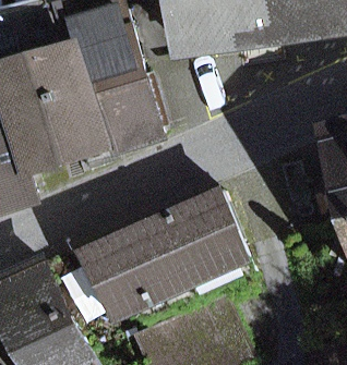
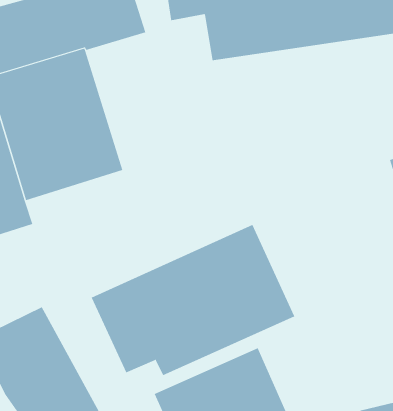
building: [77,32,159,148] -> none

